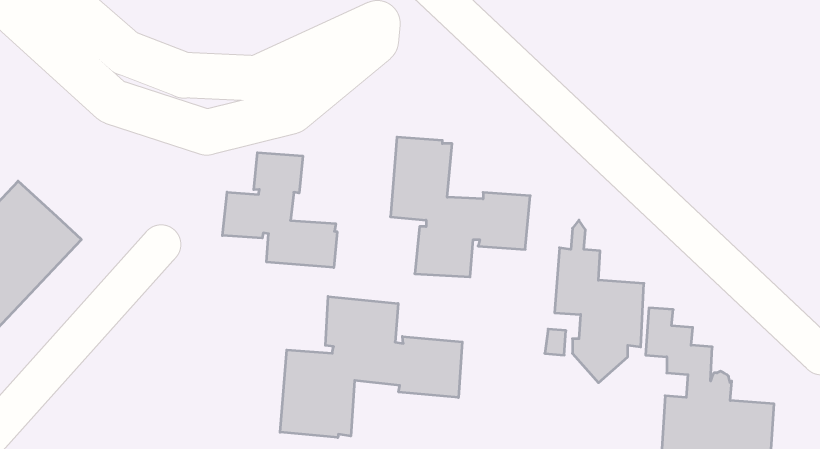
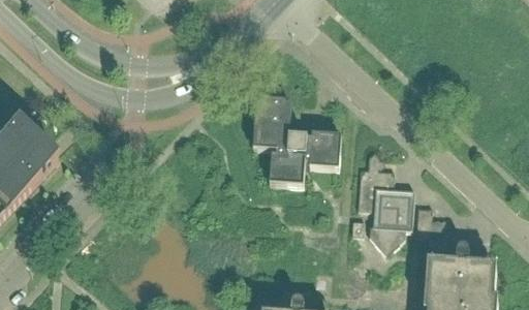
building: [222,153,337,268] -> none
building: [280,296,462,438] -> none

